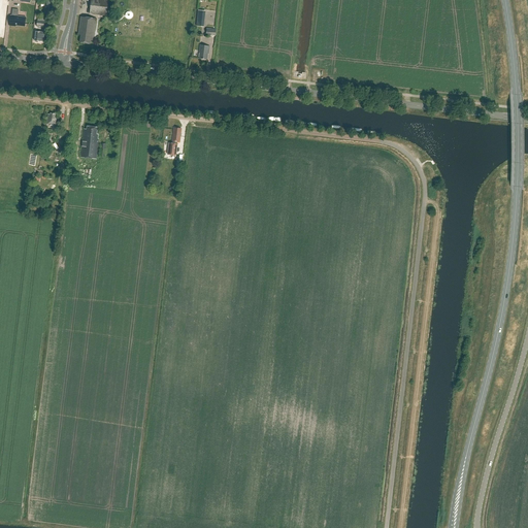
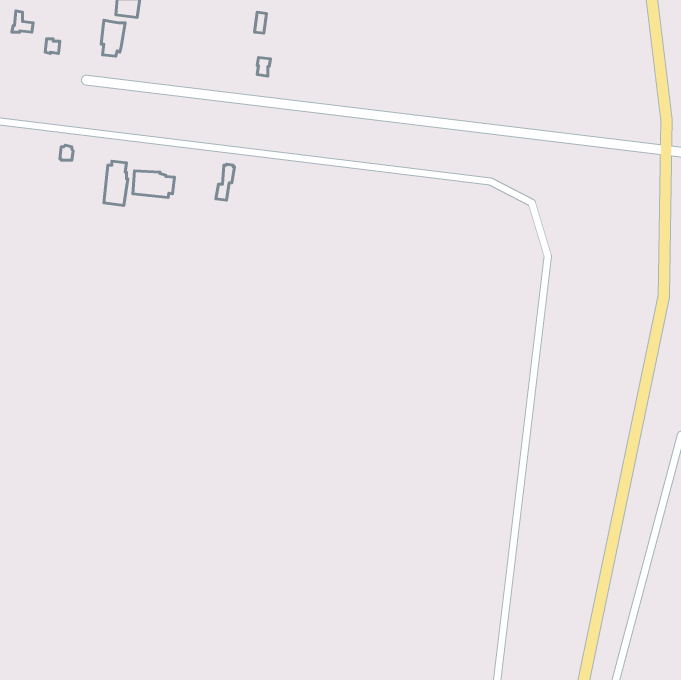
building: none -> [133,171,175,198]

